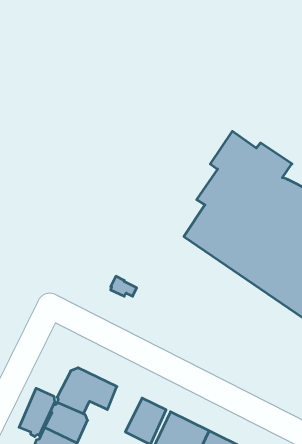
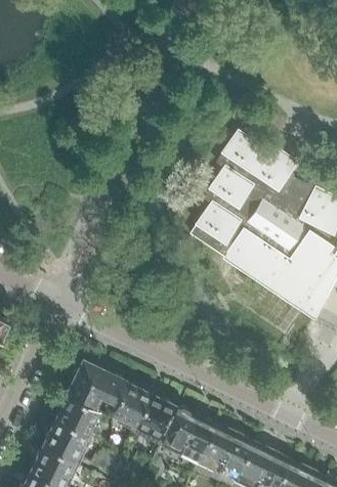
building: none -> [112,383,151,427]
building: [19,388,55,437] -> none

